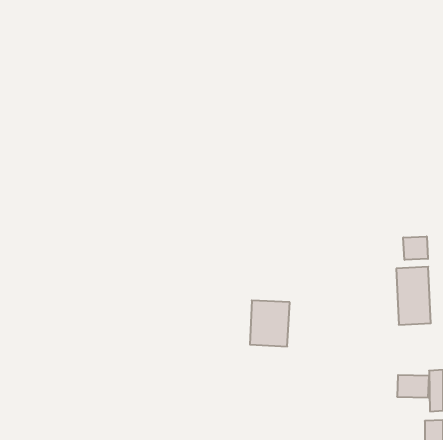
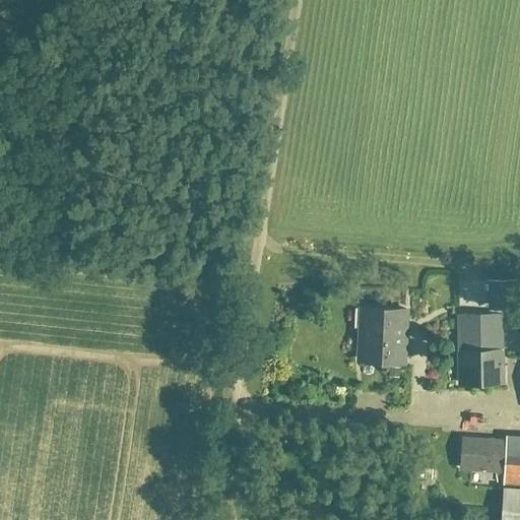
building: [403,236,428,260] -> none
building: [250,300,290,346] -> [361,308,407,362]

